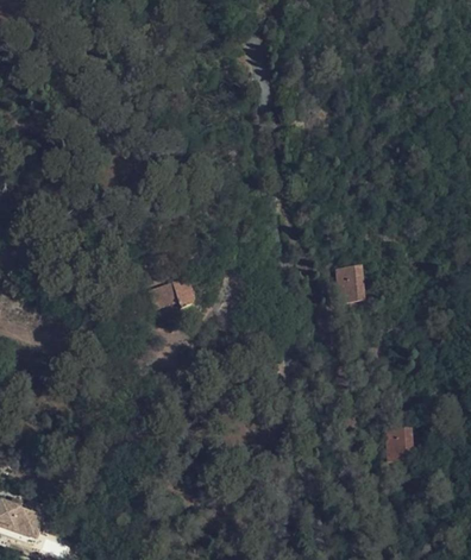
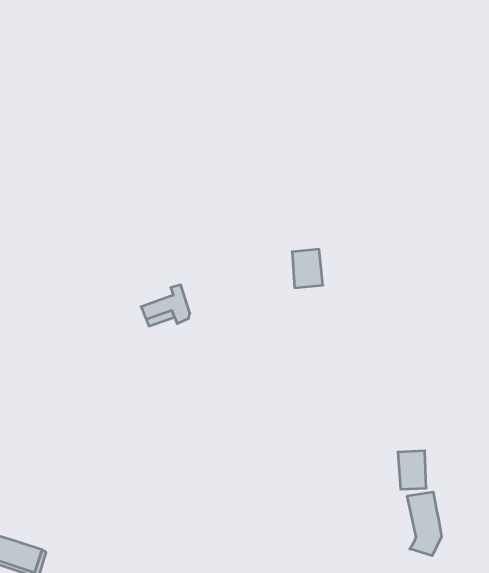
building: [335,266,364,302] -> [292,249,323,288]
building: none -> [407,492,441,556]

